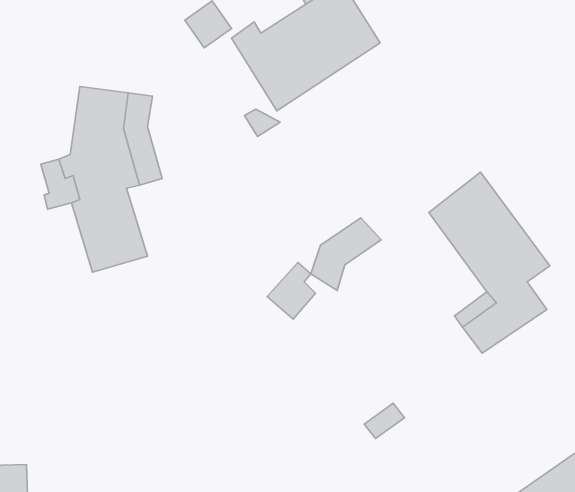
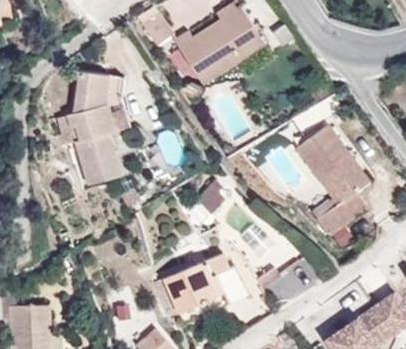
building: [311,218,381,290] -> none
building: none -> [153,252,231,317]

